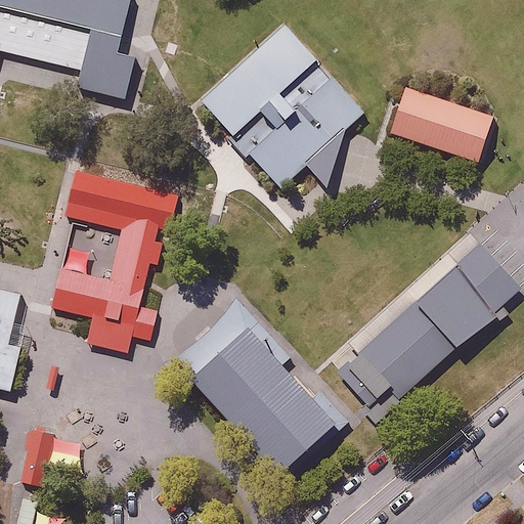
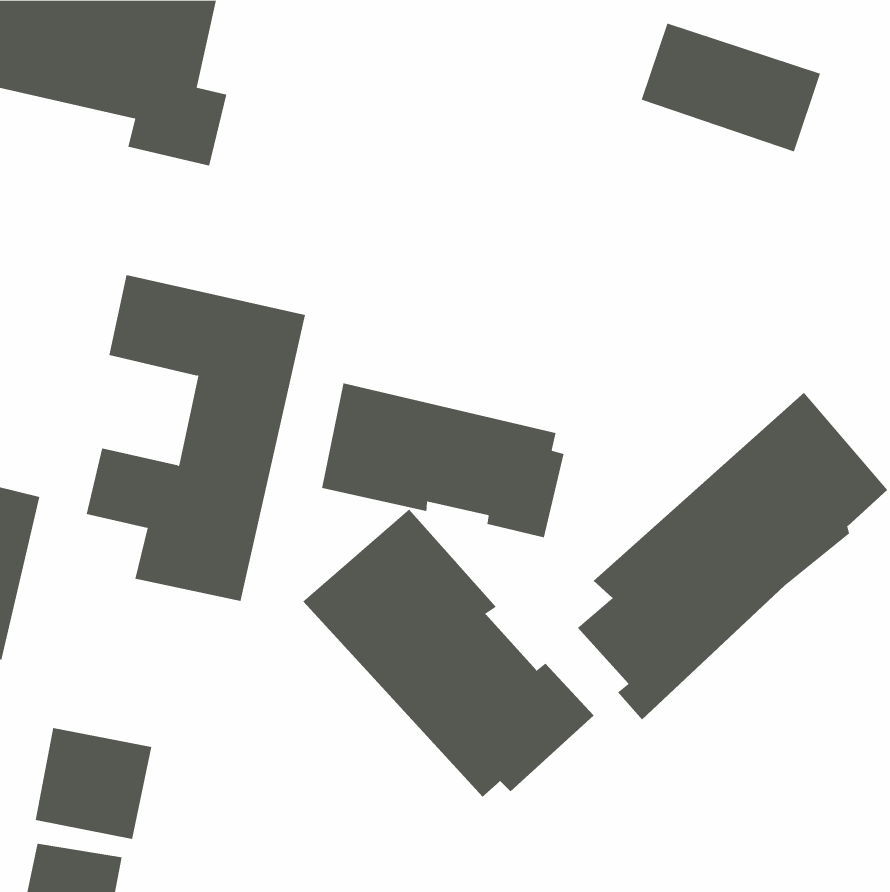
building: [198,27,361,189] -> none
building: [389,90,494,166] -> [641,23,821,152]
building: none -> [321,383,564,538]

